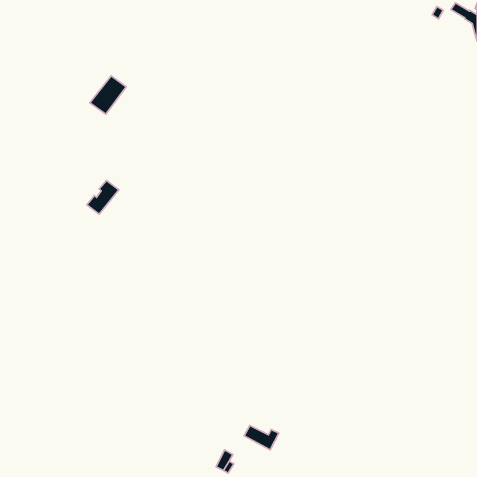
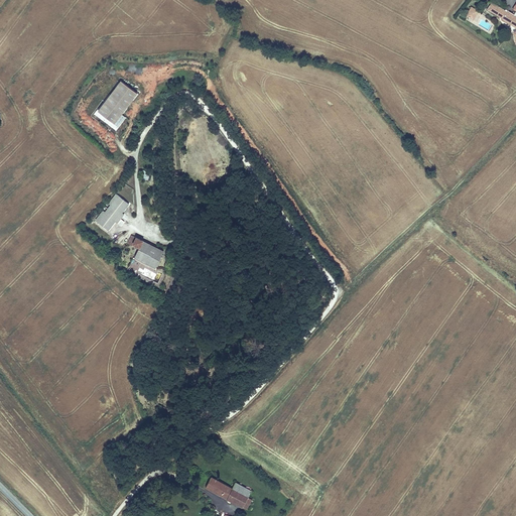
building: none -> [130,239,163,271]
building: [244,426,279,450] -> [205,478,242,504]

